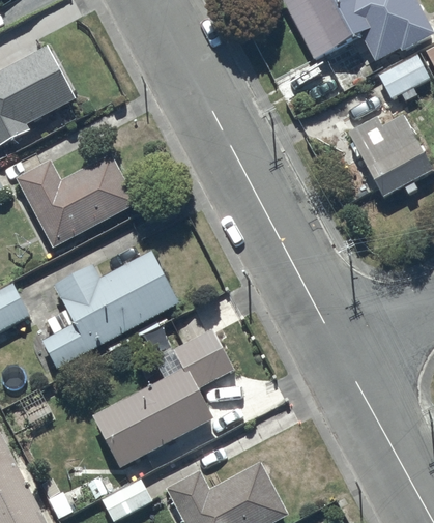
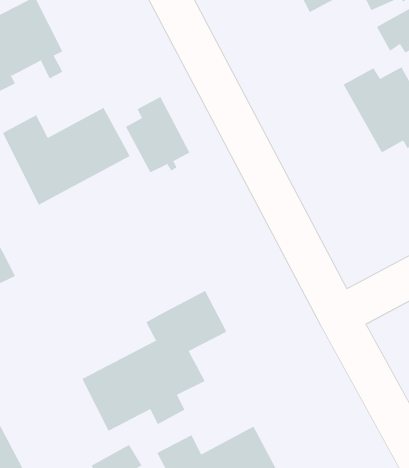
building: none -> [125,96,190,173]
building: [42,250,180,369] -> none

